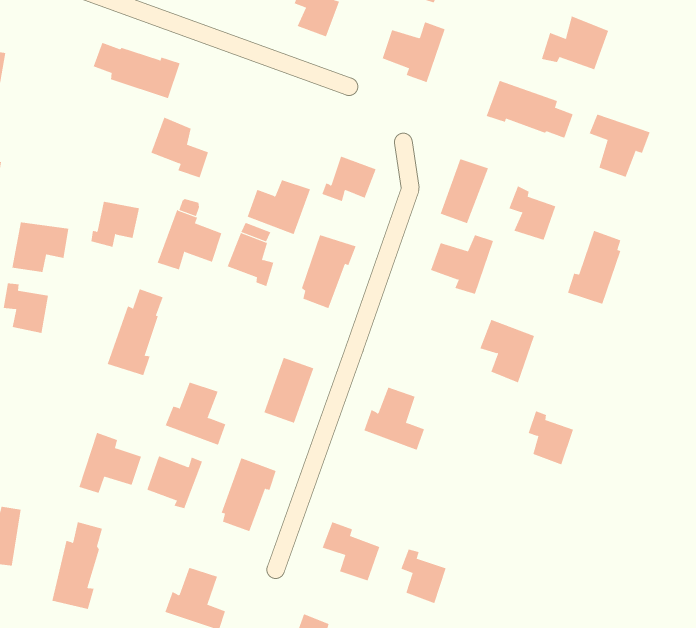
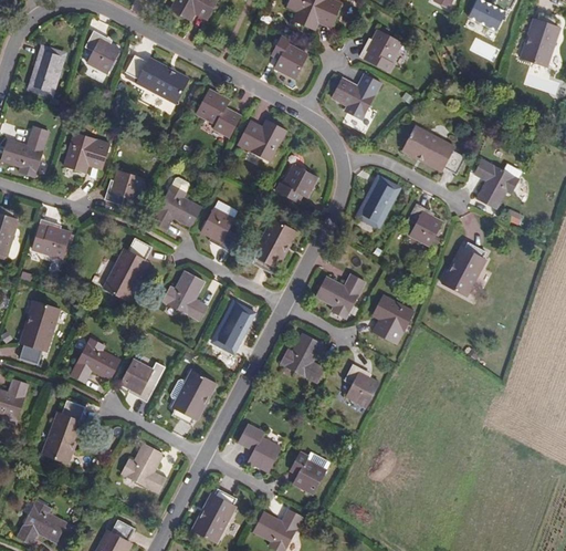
building: [541,16,609,70] -> none
building: none -> [86,35,120,76]
building: [150,117,209,178] -> [195,91,237,138]
building: [247,179,311,235] -> [237,122,285,163]
building: [12,222,69,272] -> [64,135,109,174]
building: [430,234,494,294] -> [316,276,365,319]
building: [165,382,226,445] -> [161,271,206,320]
building: none -> [21,300,62,362]
building: [528,410,574,465] -> [346,364,379,406]

